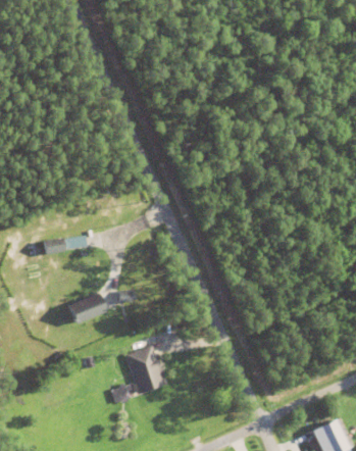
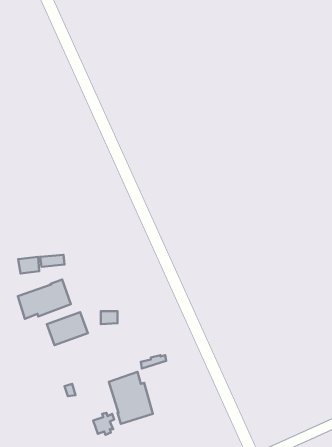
building: none -> [18,279,71,319]

